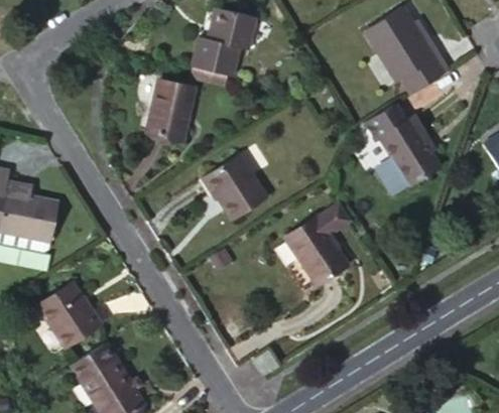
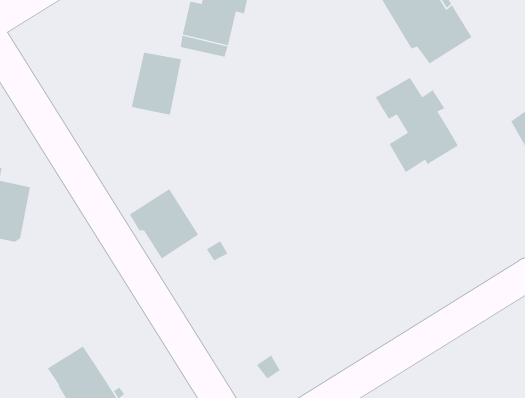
building: [204,156,266,220] -> [129,188,199,260]
building: [286,203,351,285] -> none
building: [39,282,104,348] -> none

